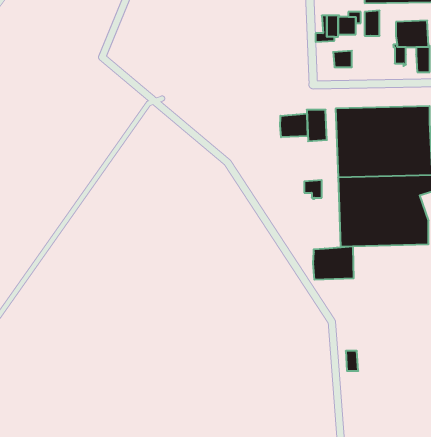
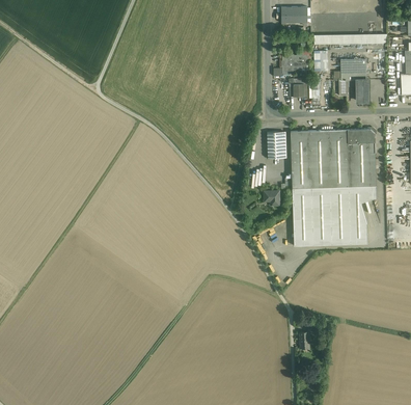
building: [280,114,308,137] -> none
building: [313,246,354,280] -> none

